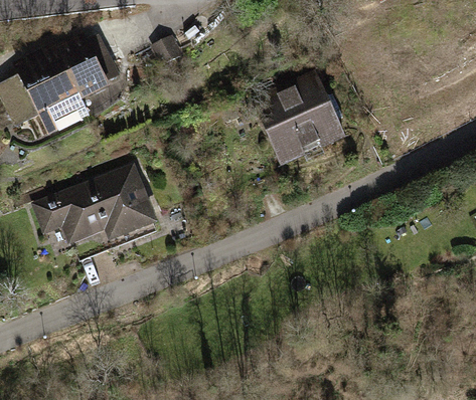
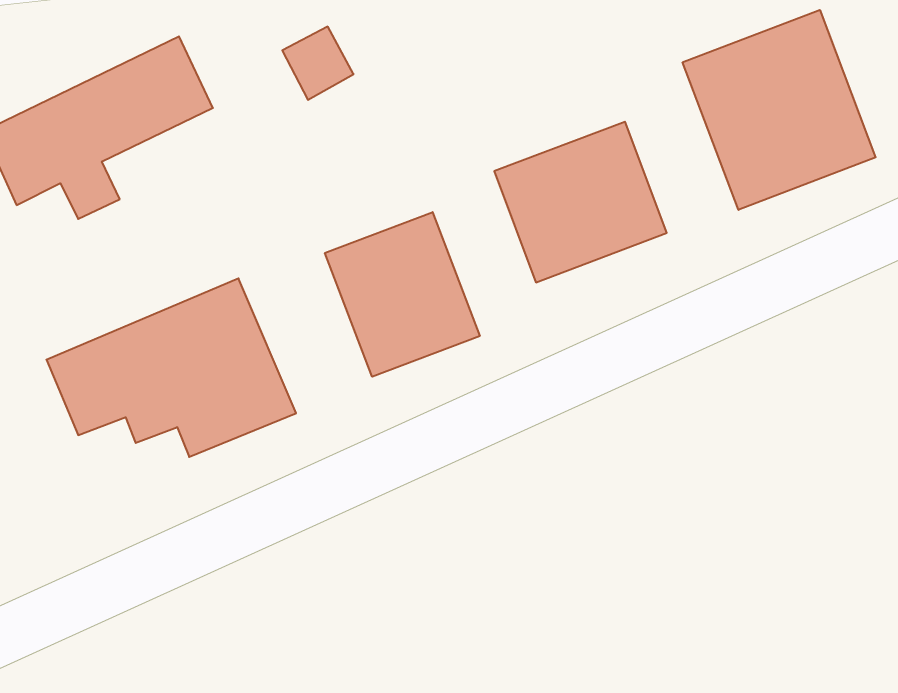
building: none -> [683,10,876,210]
building: none -> [325,212,480,377]

